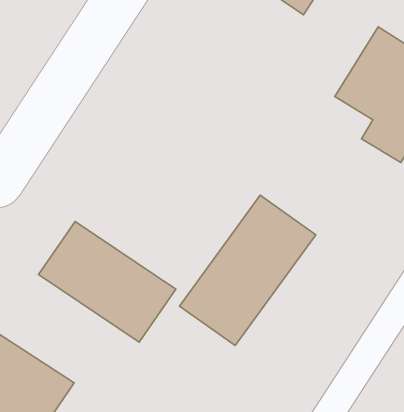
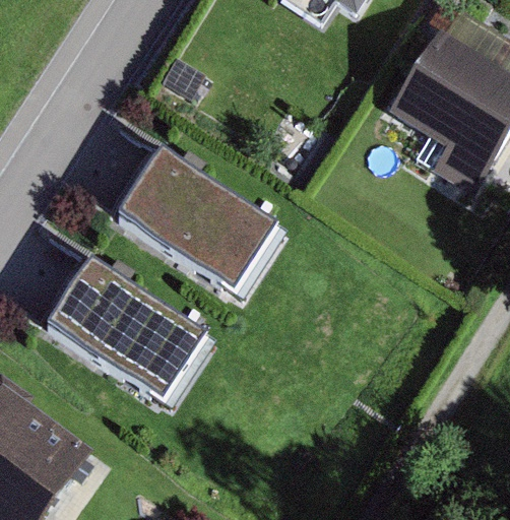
building: none -> [122,154,272,290]
building: [179,195,316,346] -> none

